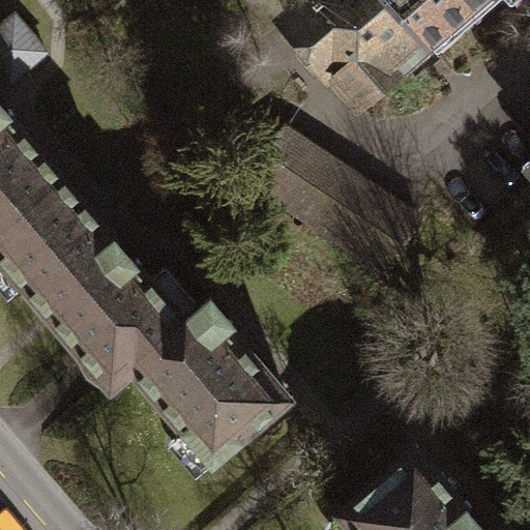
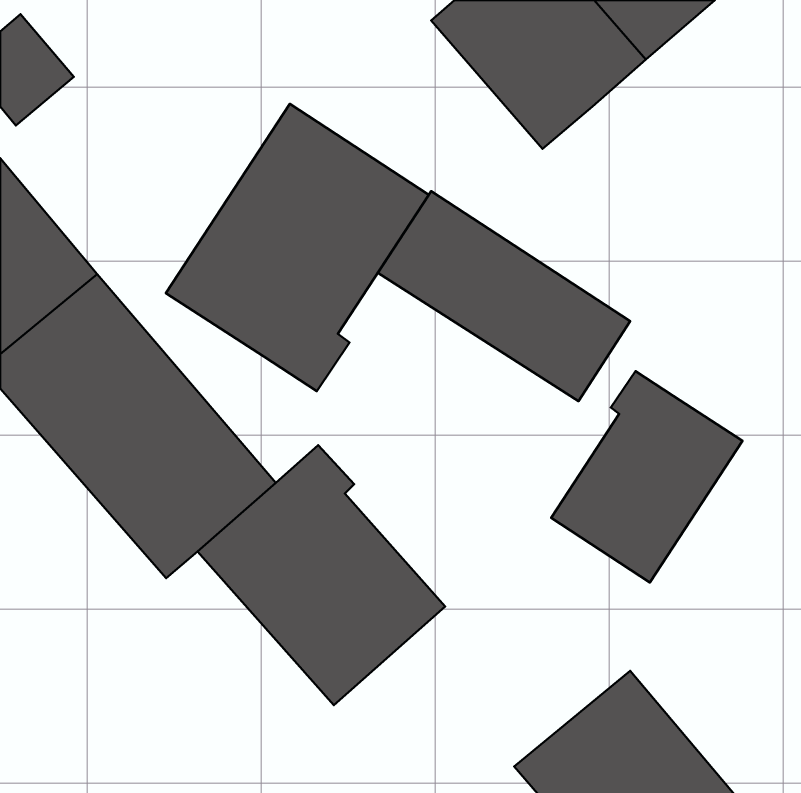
building: none -> [166,104,429,391]
building: none -> [551,371,743,582]

